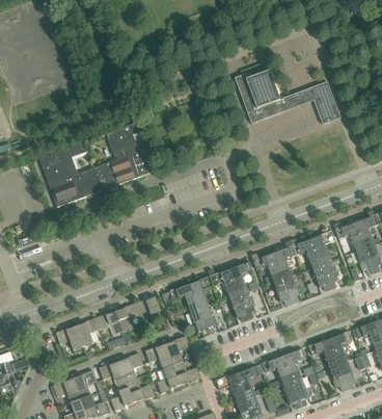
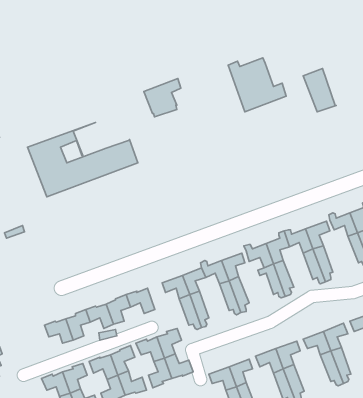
building: [106,121,142,158] -> [144,79,181,117]

